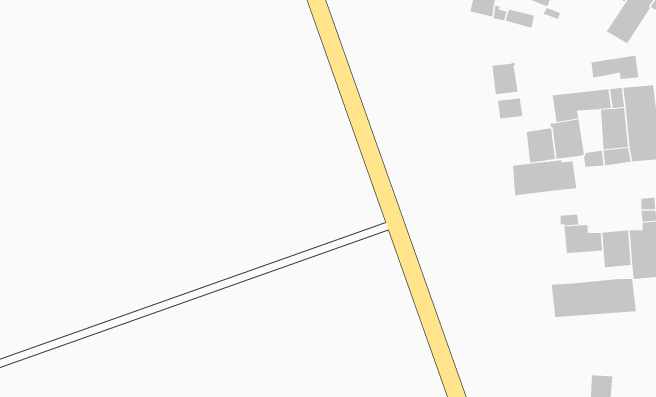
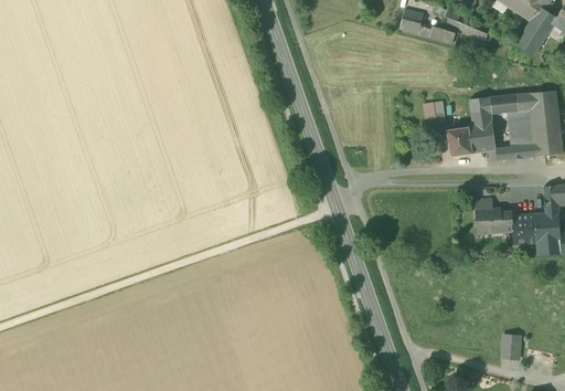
building: [591,55,639,80] -> none
building: [492,62,518,95] -> none
building: [512,160,577,197] -> none
building: [551,278,636,318] -> none

